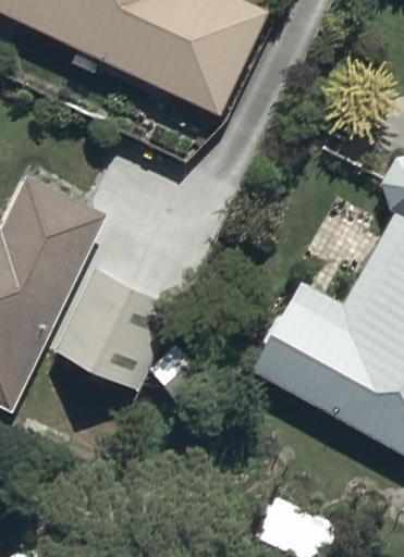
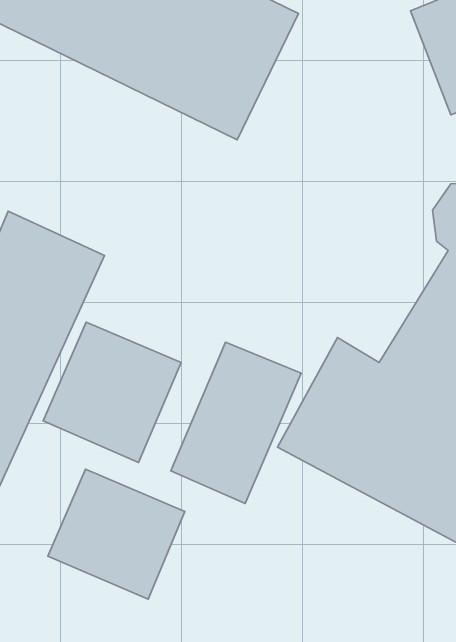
building: none -> [171,342,301,503]
building: none -> [48,469,185,599]

